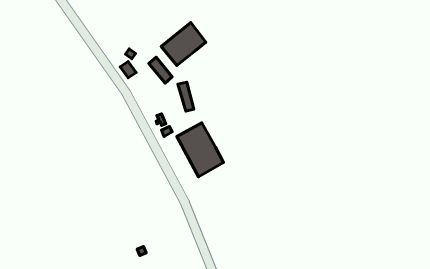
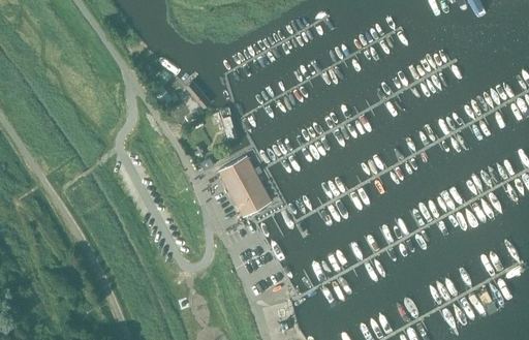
building: [161,22,206,66] -> none

